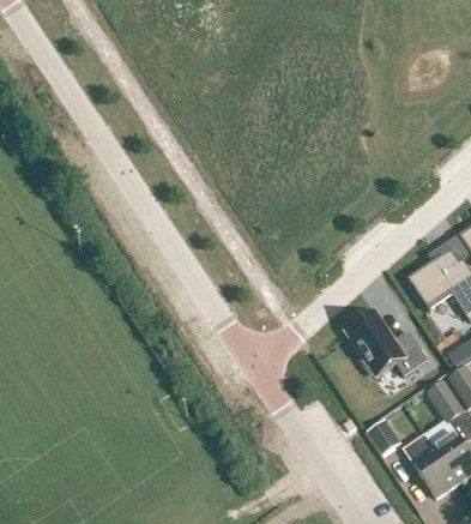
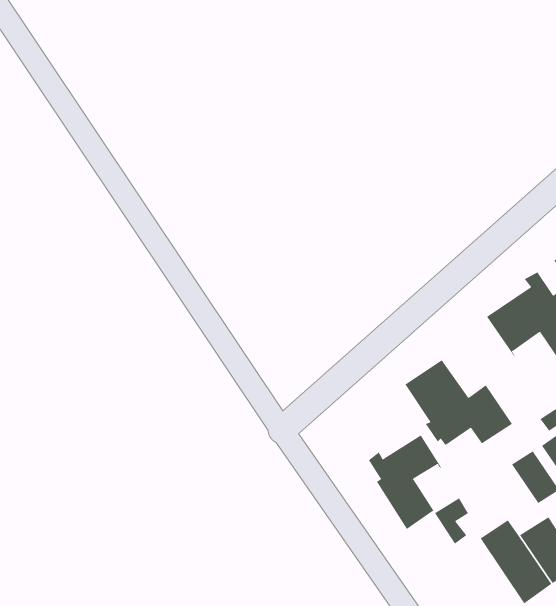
building: none -> [368,434,442,530]

